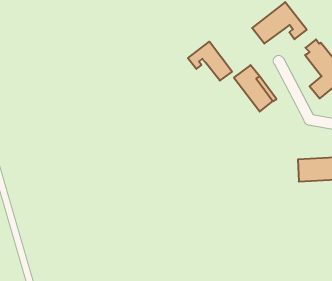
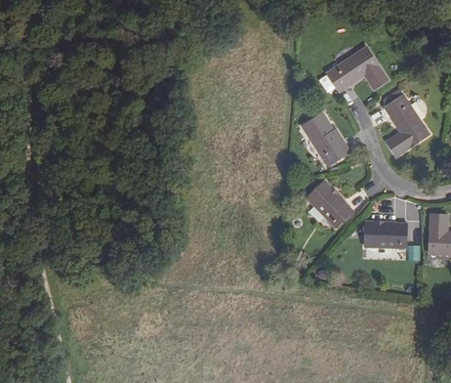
building: [188,42,232,81] -> none
building: none -> [307,180,354,227]

